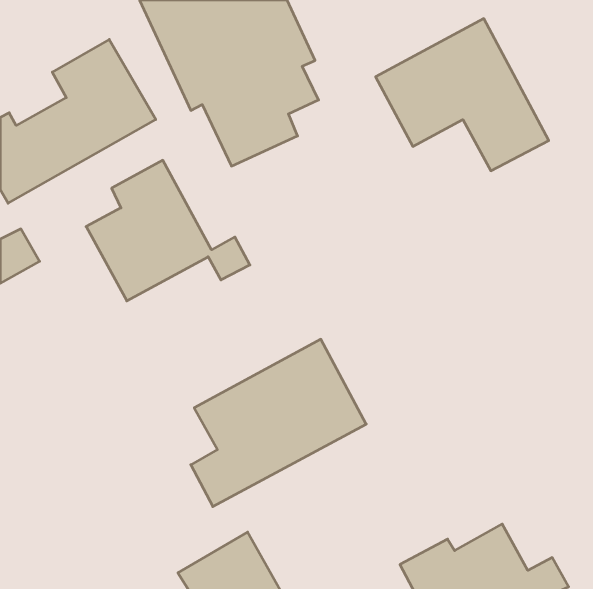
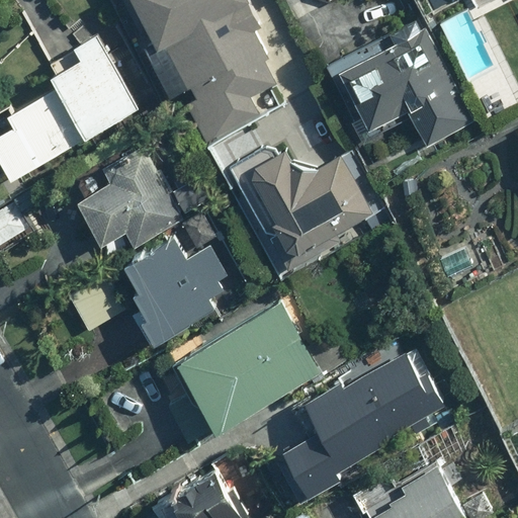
building: none -> [239,137,380,264]
building: none -> [64,238,229,347]
building: none -> [262,346,445,510]

